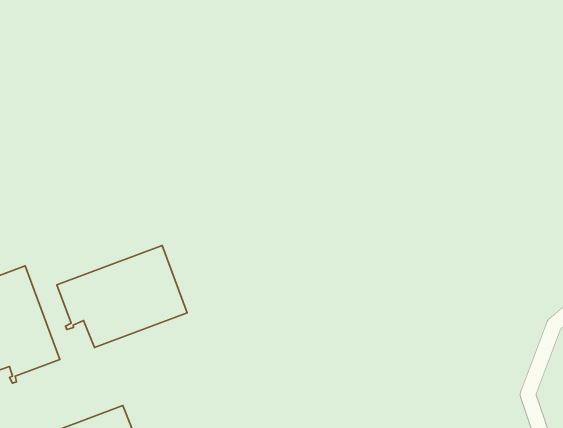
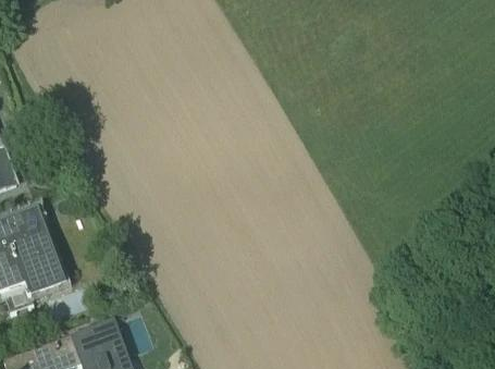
building: [57,246,187,347] -> none

